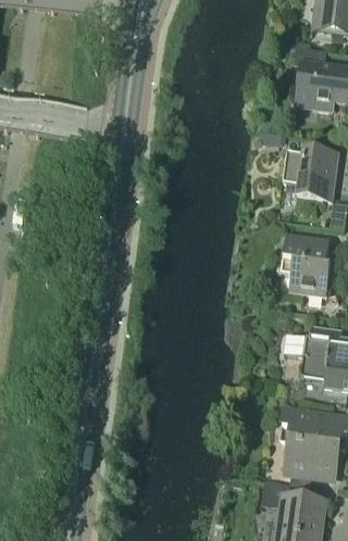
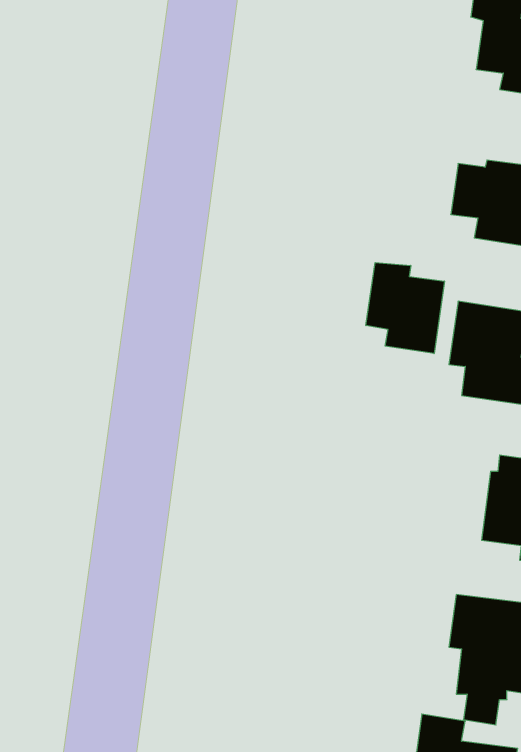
building: none -> [366,263,444,354]

